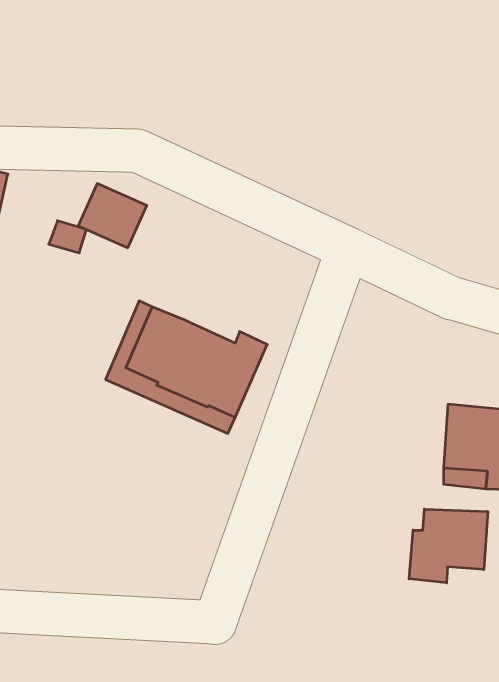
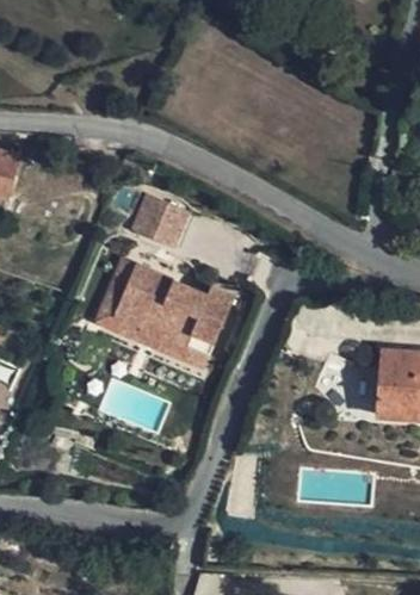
building: [78,184,147,248] -> [132,197,189,249]
building: [409,509,488,583] -> none

